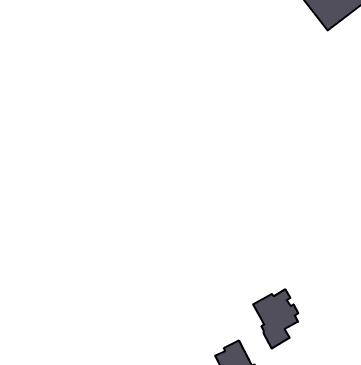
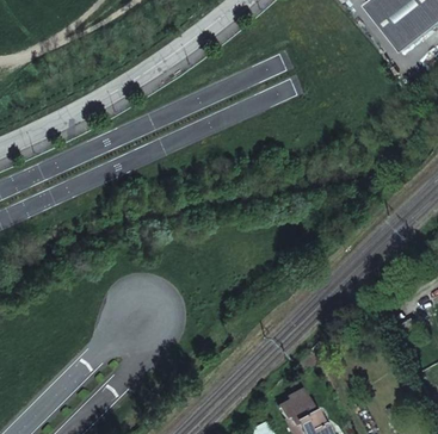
building: [253,289,298,349] -> none

